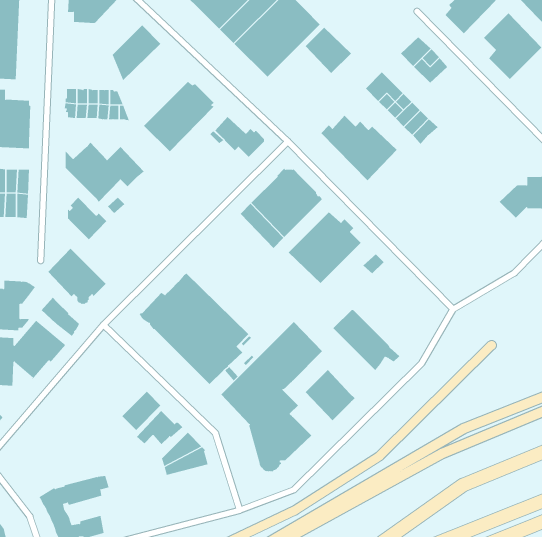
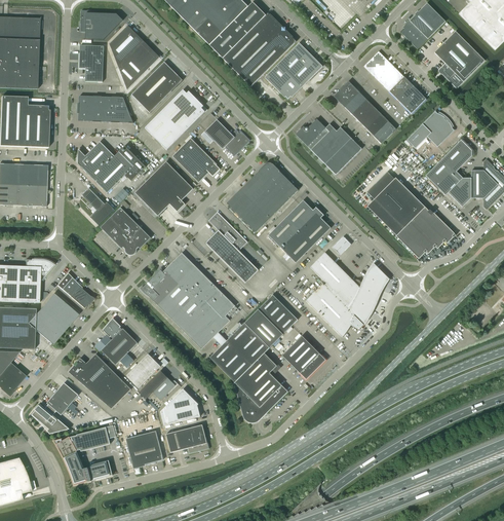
building: none -> [109,26,144,67]
building: none -> [80,45,104,82]
building: none -> [265,60,305,99]
building: none -> [131,62,183,113]
building: none -> [389,77,426,113]
building: none -> [406,111,454,148]
building: none -> [172,138,220,182]
building: none -> [425,140,471,195]
building: none -> [134,161,193,216]
building: none -> [366,172,455,257]
building: none -> [206,212,258,282]
building: [47,248,107,304] -> [101,207,151,255]
building: none -> [310,252,388,322]
building: none -> [101,318,138,365]
building: none -> [69,353,131,408]
building: none -> [32,382,78,434]
building: none -> [166,424,208,452]
building: none -> [126,431,163,469]

